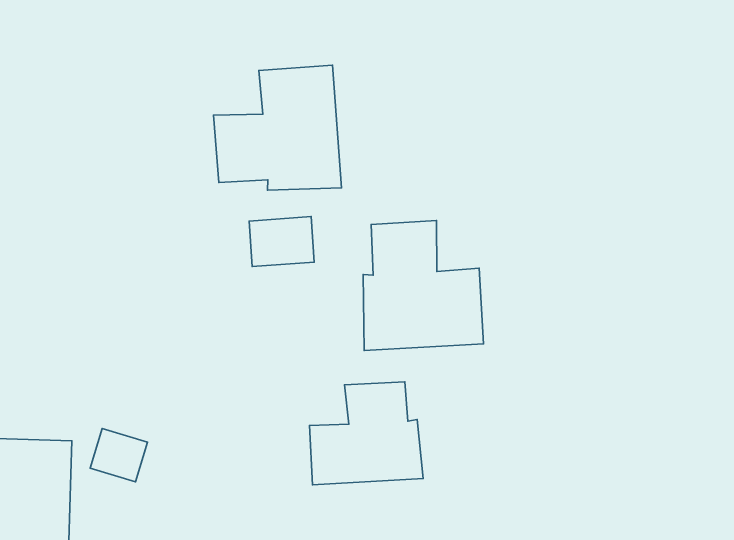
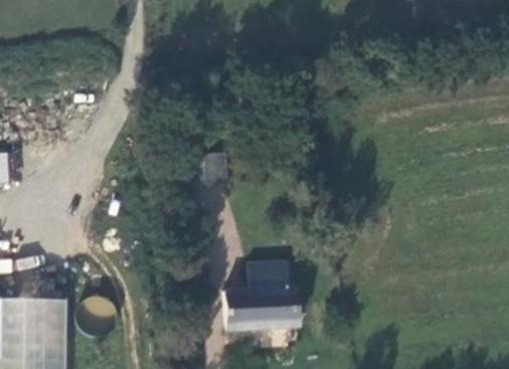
building: [213,65,341,190] -> none
building: [363,221,484,350] -> none

